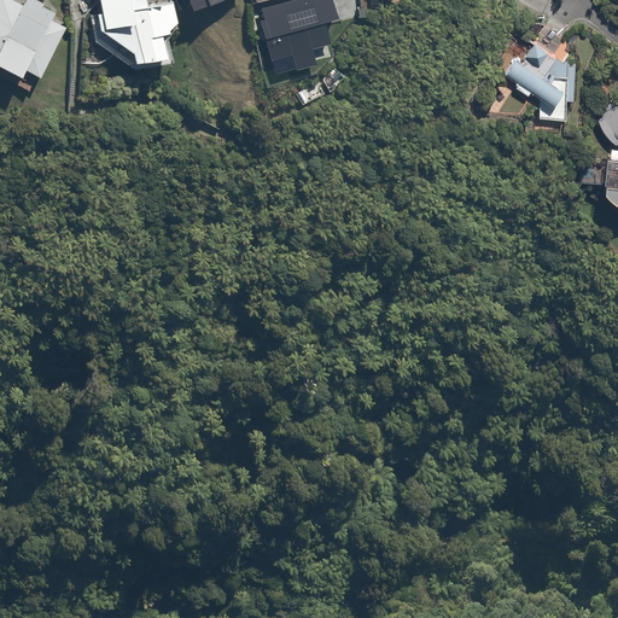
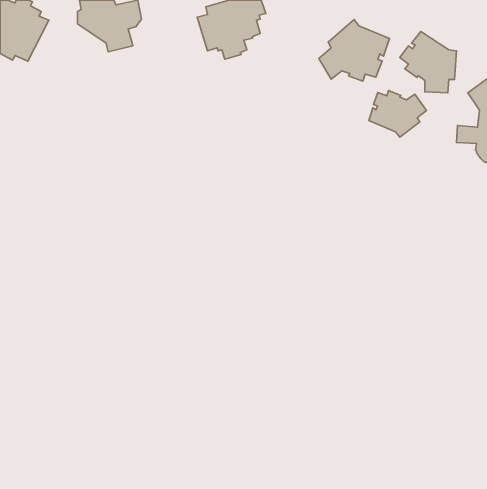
building: none -> [319,19,390,81]
building: none -> [369,91,427,137]

